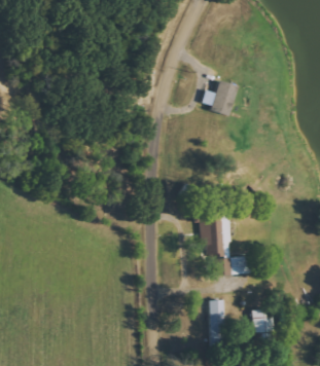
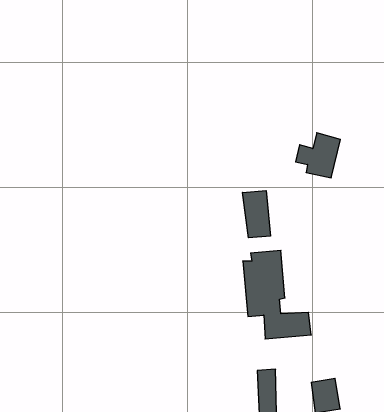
building: [202,81,237,116] -> [296,133,340,178]
building: none -> [243,191,270,238]

